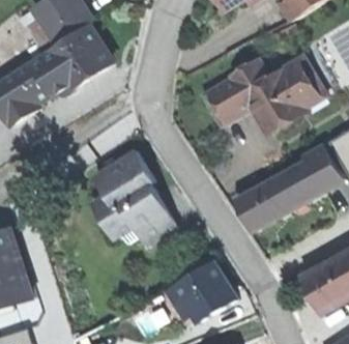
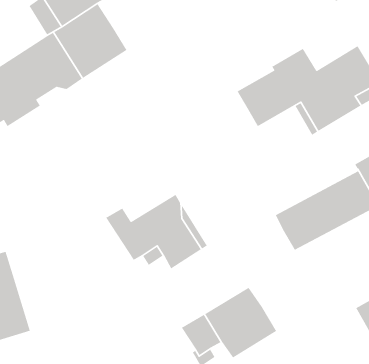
building: [94,151,153,206] -> none

